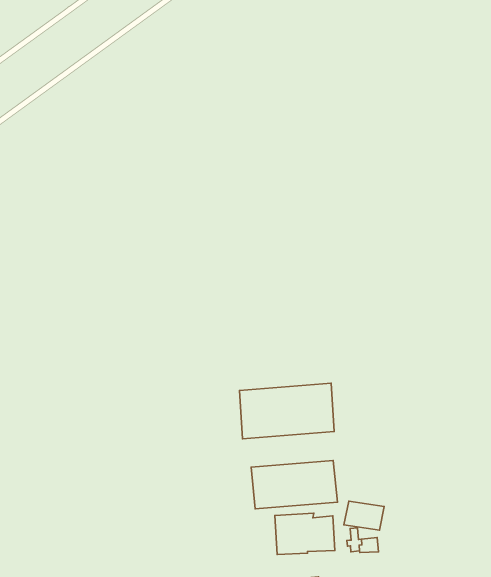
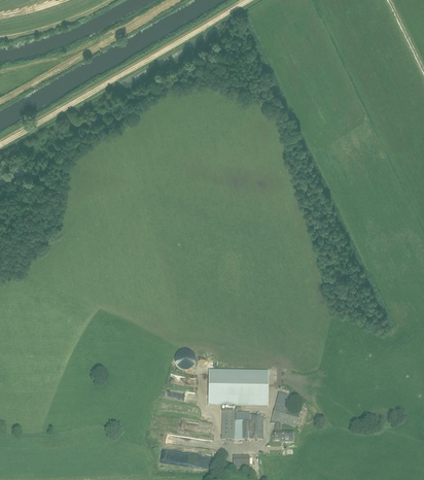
building: [240,383,334,439] -> none

